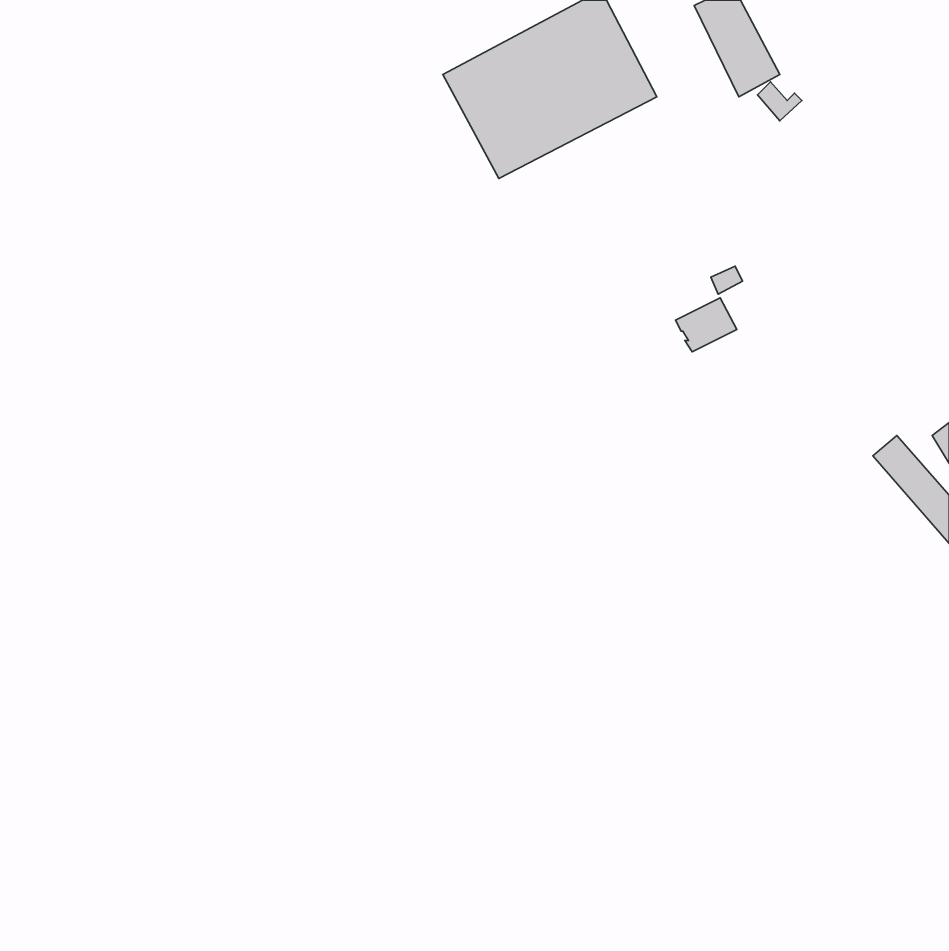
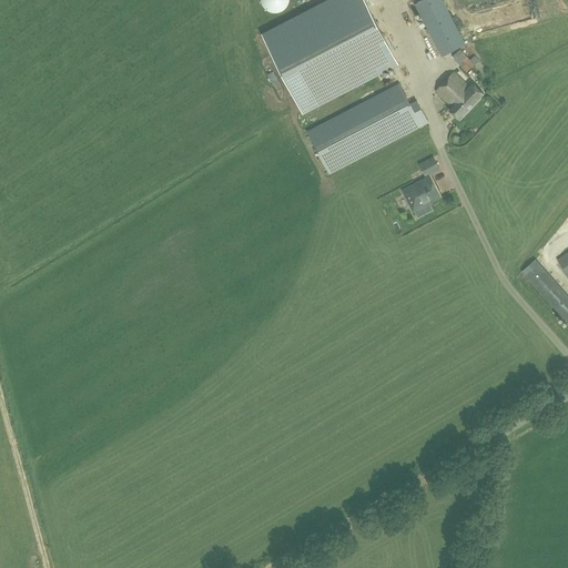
building: none -> [435,72,483,119]
building: none -> [306,82,427,174]

